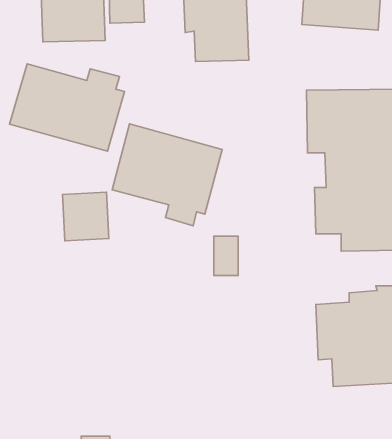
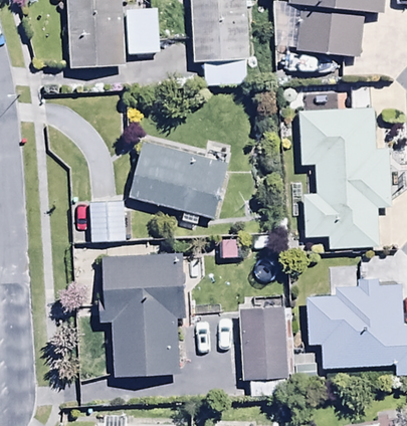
building: [10,64,124,151] -> none
building: none -> [100,253,186,378]
building: none -> [238,308,288,396]

